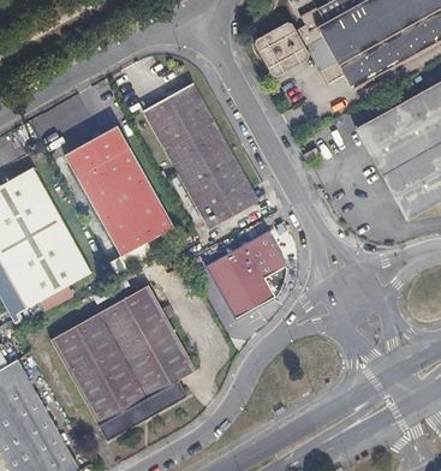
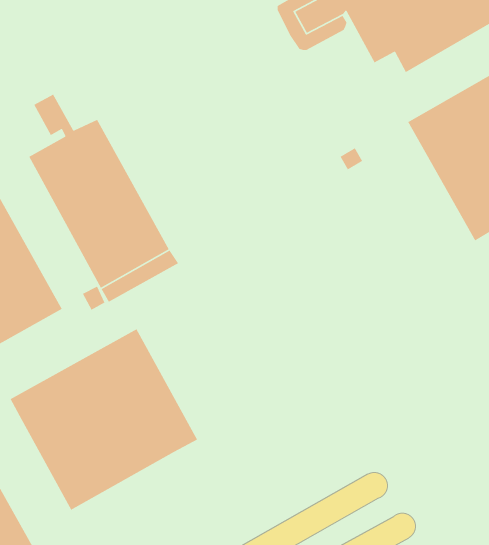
building: [143,82,258,227] -> none
building: [207,231,286,317] -> none
building: [97,380,187,443] -> none

